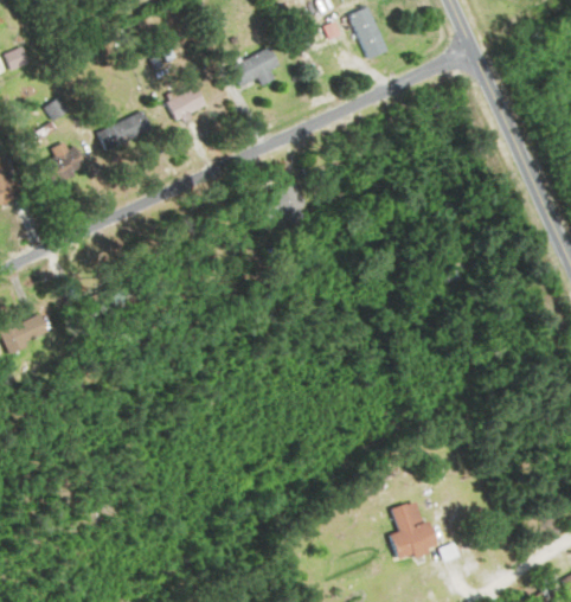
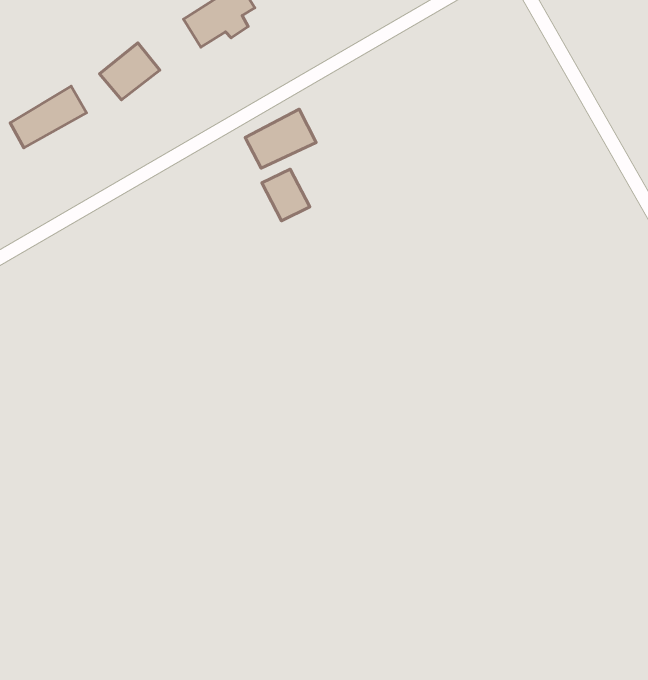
building: none -> [245,109,316,168]
building: [392,502,438,559] -> none

